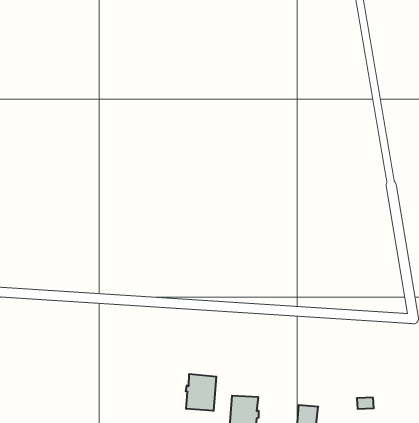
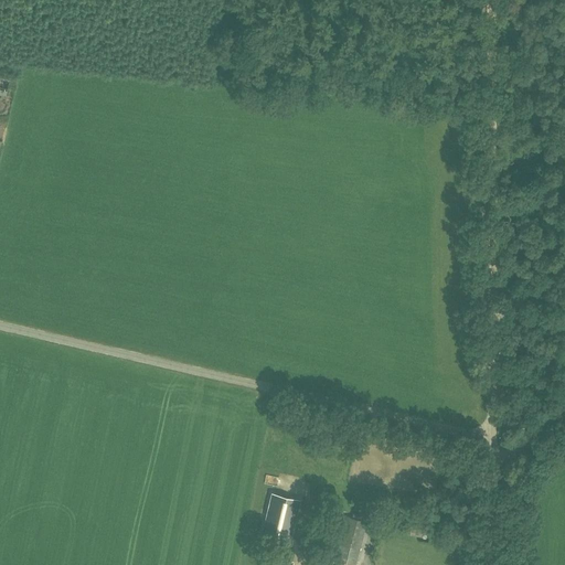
building: [186,374,216,411] -> none

